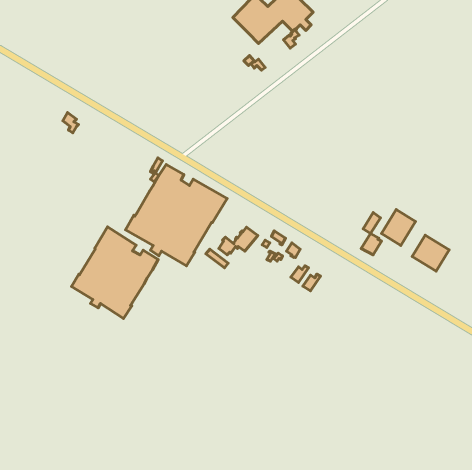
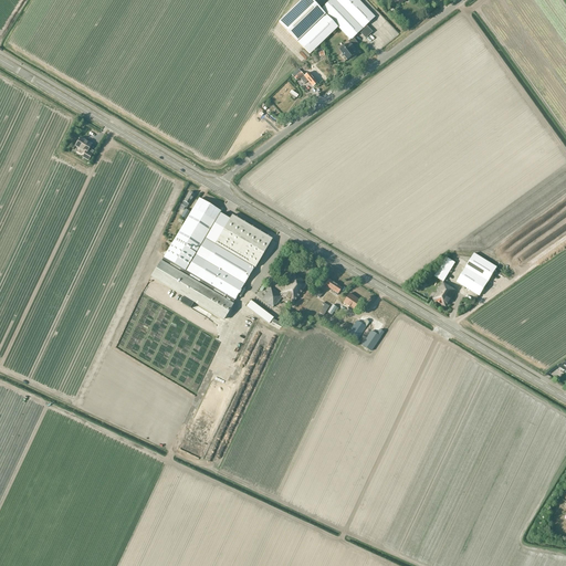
building: [72,227,158,318] -> none
building: [412,235,449,271] -> none

